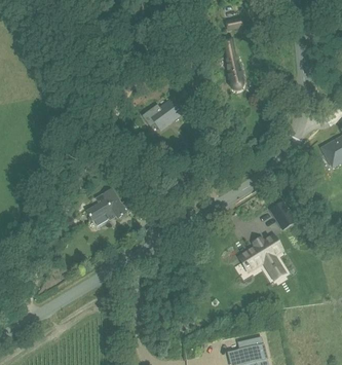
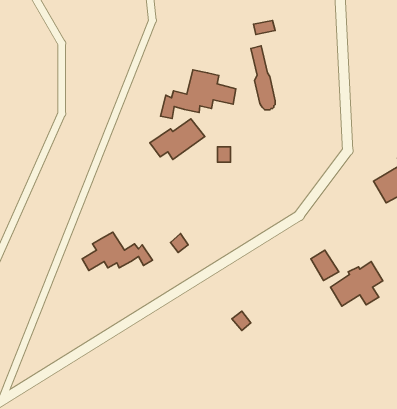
building: none -> [160,70,236,119]
building: [239,235,281,271] -> [330,262,383,306]

